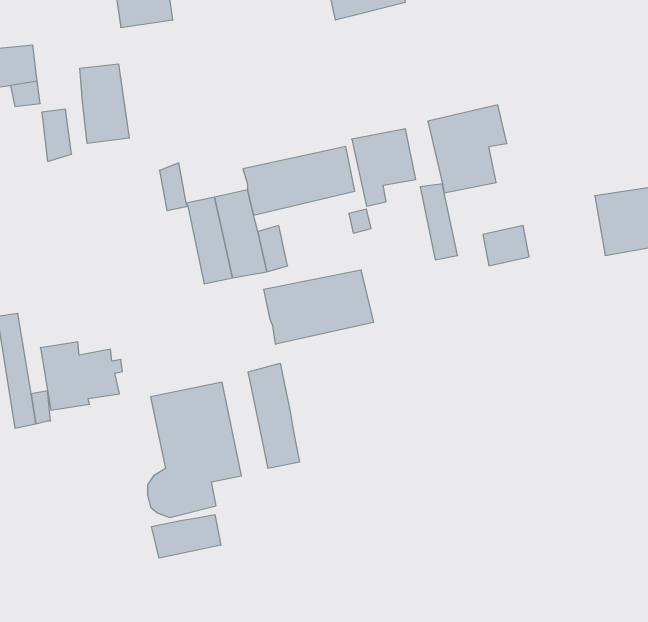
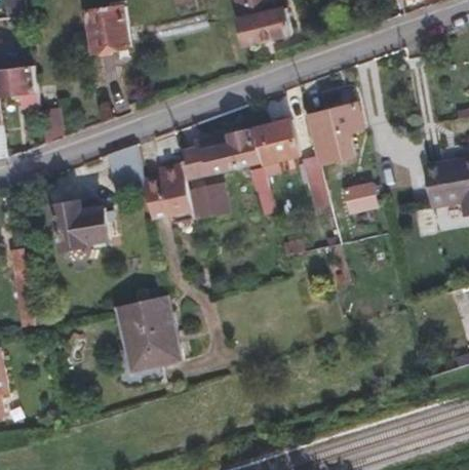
building: [80,64,129,143] -> none
building: [264,270,373,344] -> none
building: [40,342,122,410] -> [55,201,112,248]
building: [248,363,300,468] -> none
building: [151,515,221,558] -> none

